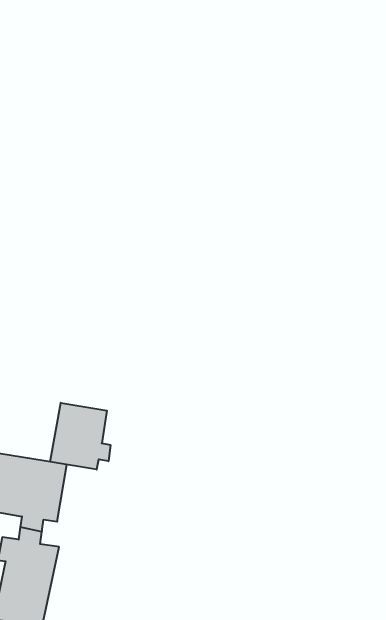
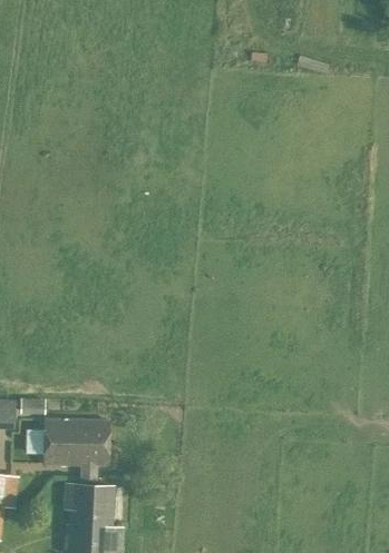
building: [50,403,110,470] -> none

